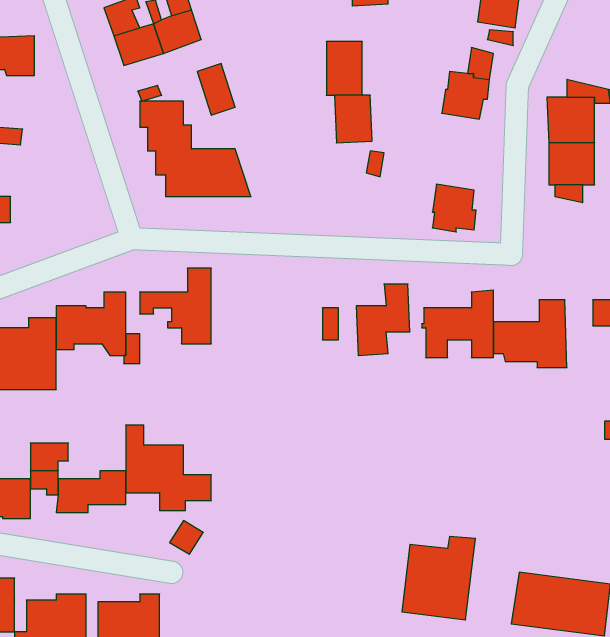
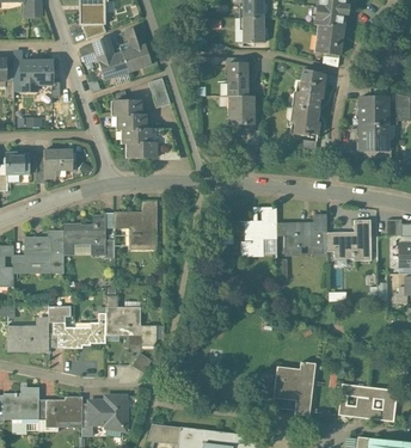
building: none -> [43,148,73,178]
building: [432,184,476,232] -> [293,106,319,135]

